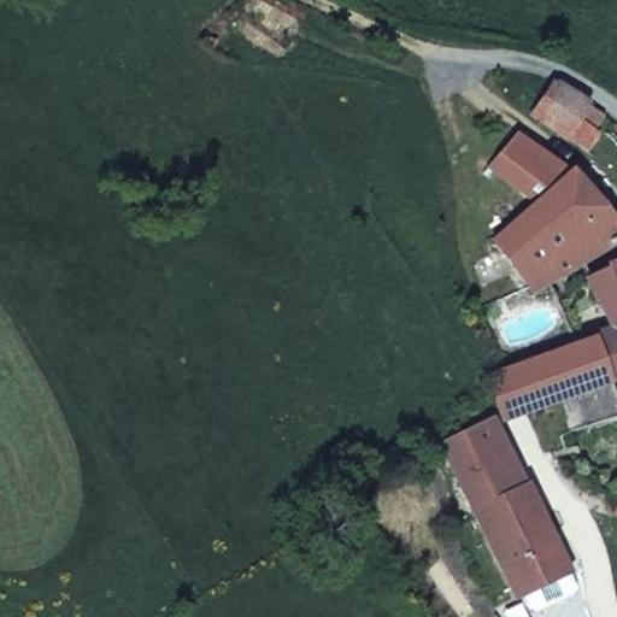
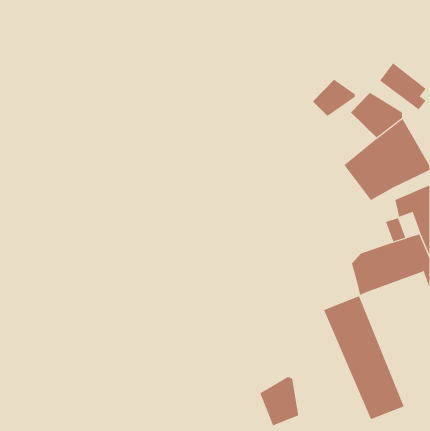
building: none -> [312,79,355,117]
building: none -> [259,376,299,426]

